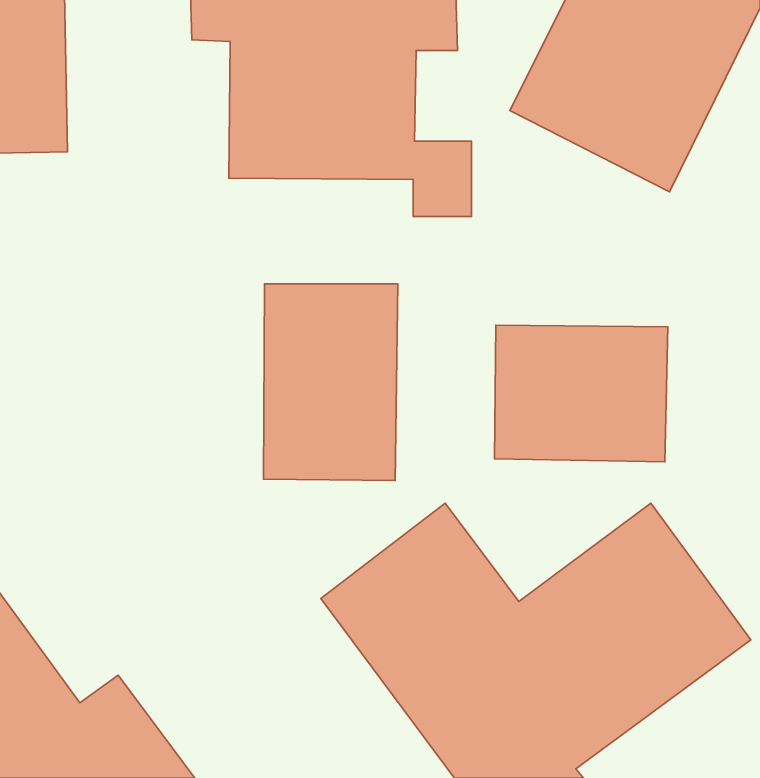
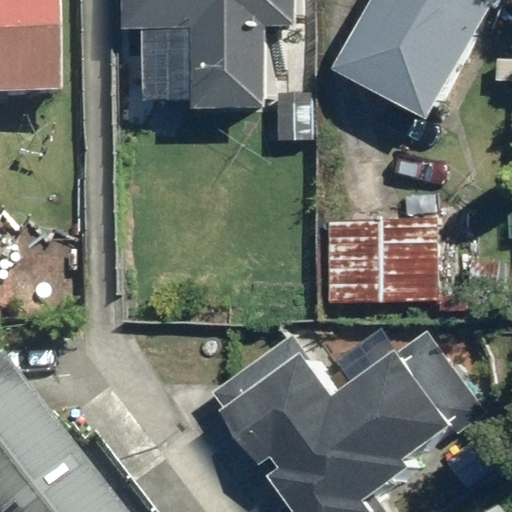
building: [263,284,398,481] -> none

